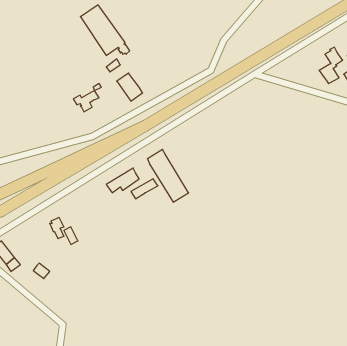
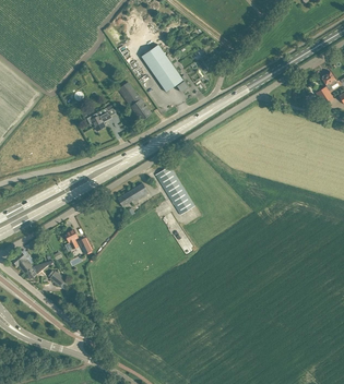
building: [80,5,130,55] -> [141,45,187,92]

